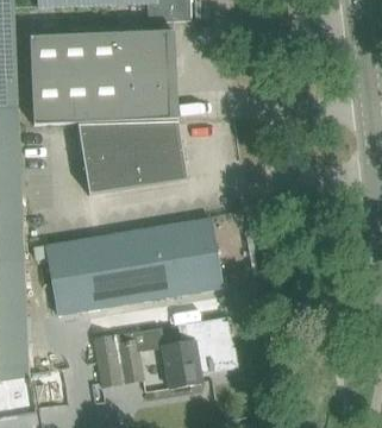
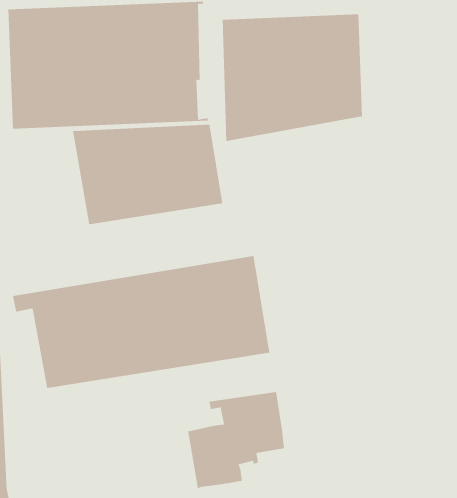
building: none -> [222,13,363,142]
building: [93,328,154,385] -> none

